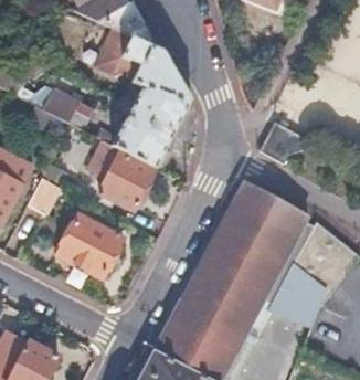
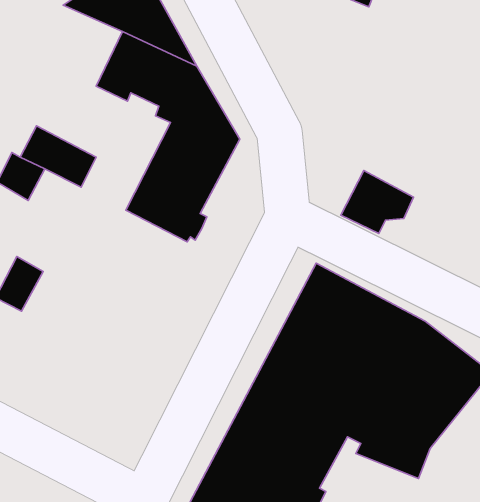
building: [100,151,153,205] -> none
building: [57,214,123,276] -> none

